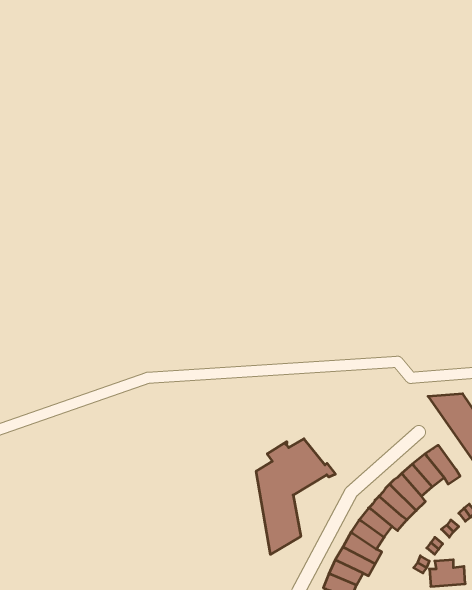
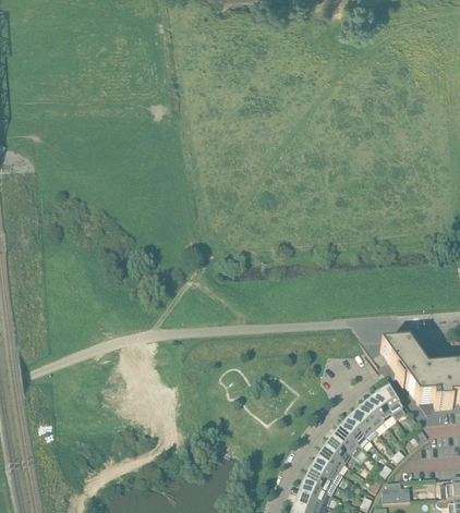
building: [256,439,335,554] -> none

